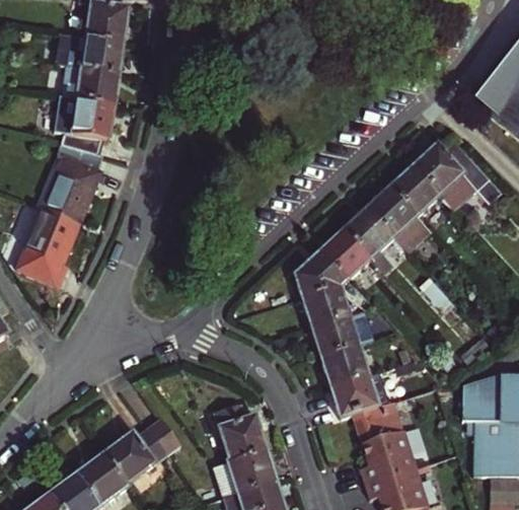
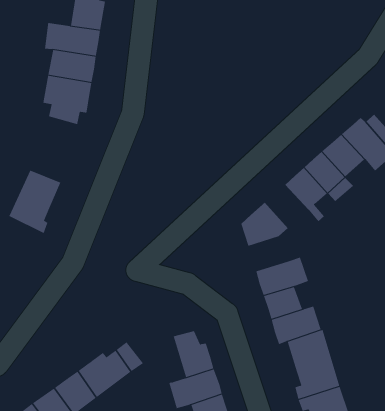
building: [42,147,104,226] -> none
building: [323,229,375,281] -> none
building: [303,291,351,333] -> none

